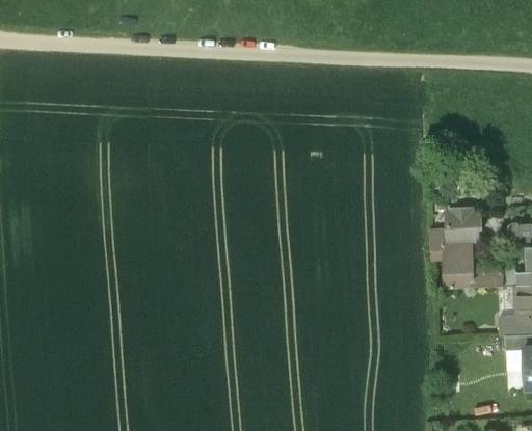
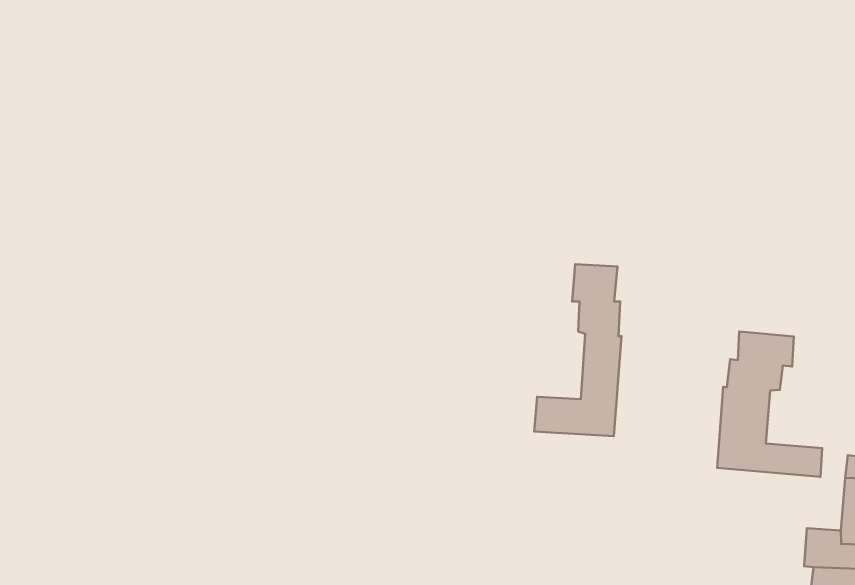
building: none -> [534,264,621,436]

